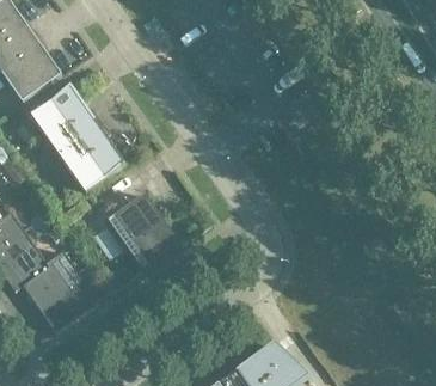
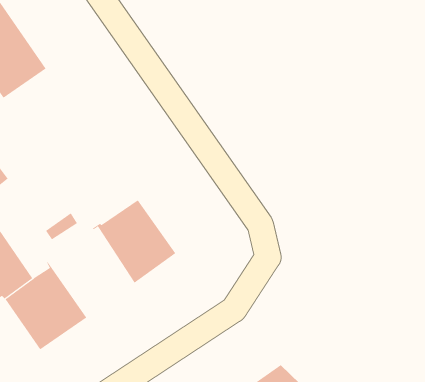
building: [30,85,124,191] -> none

